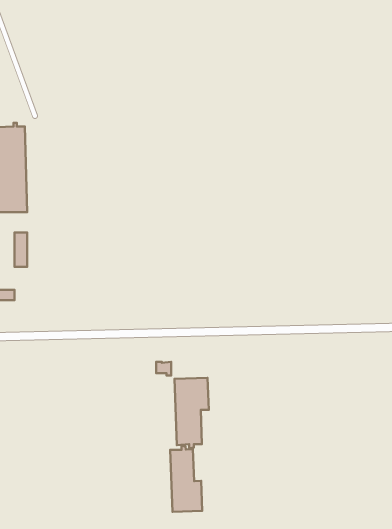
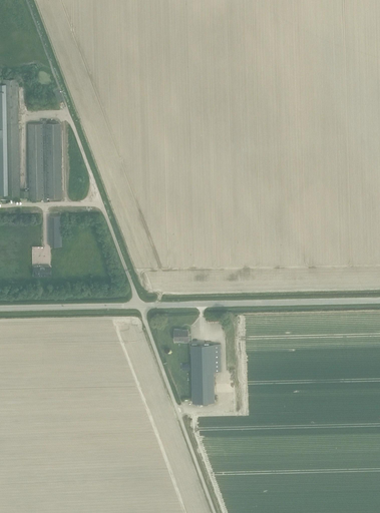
building: [170,446,202,512] -> none

